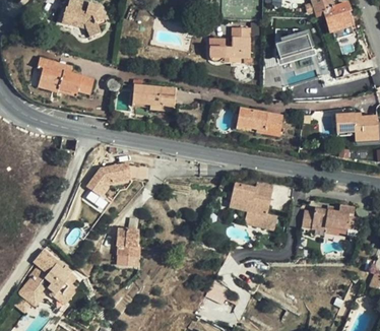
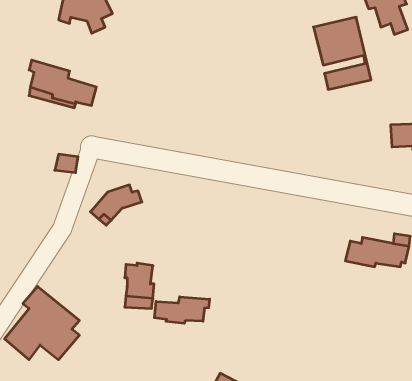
building: [208,30,251,64] -> none
building: [133,83,175,111] -> none
building: [237,107,281,132] -> none
building: [228,181,276,229] -> none
building: none -> [154,297,210,323]

